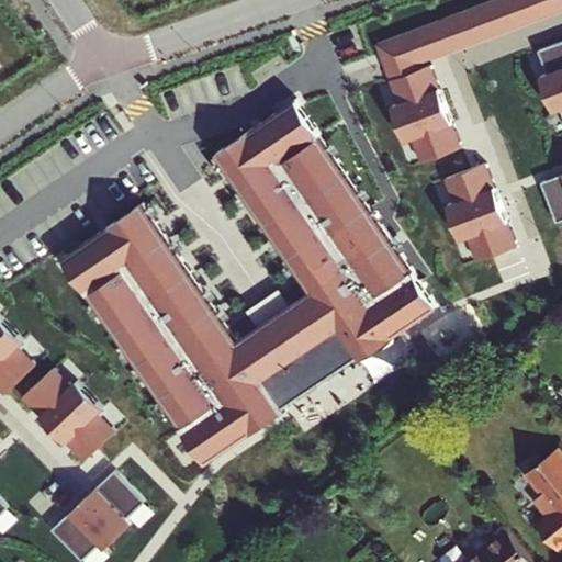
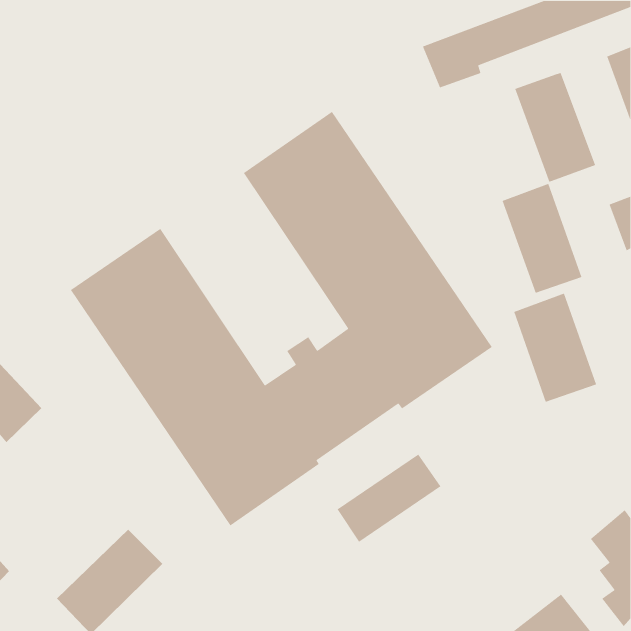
building: [387,68,460,166] -> [514,72,596,183]
building: none -> [513,293,597,403]
building: [20,371,113,465] -> none
building: none -> [336,454,442,543]

